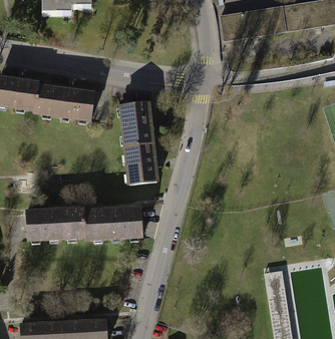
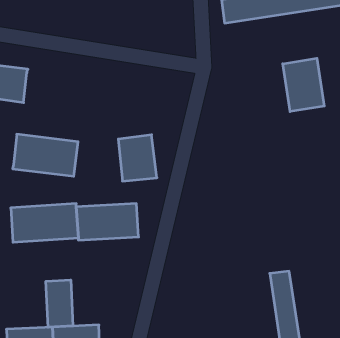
building: none -> [283,58,324,112]
building: [34,83,95,122] -> [13,134,78,176]
building: [118,101,154,145] -> none
building: none -> [46,280,73,327]

